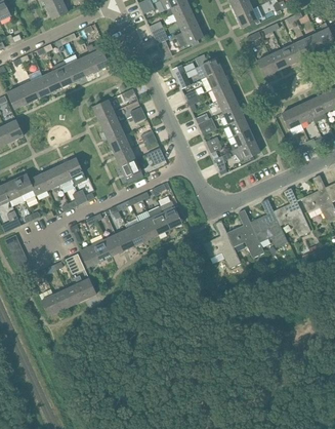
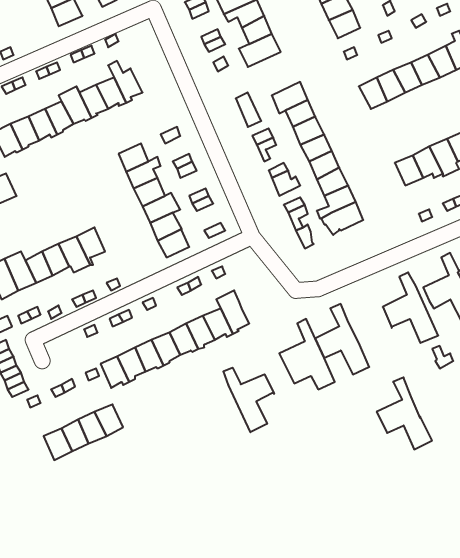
building: [250,198,288,247] -> [377,377,432,449]
building: none -> [223,368,274,432]

